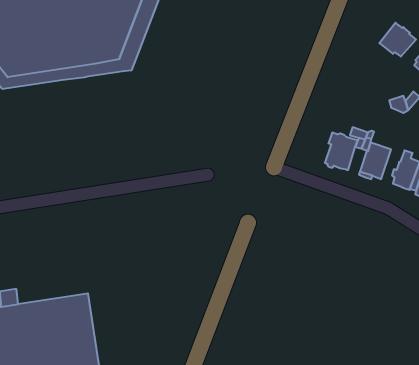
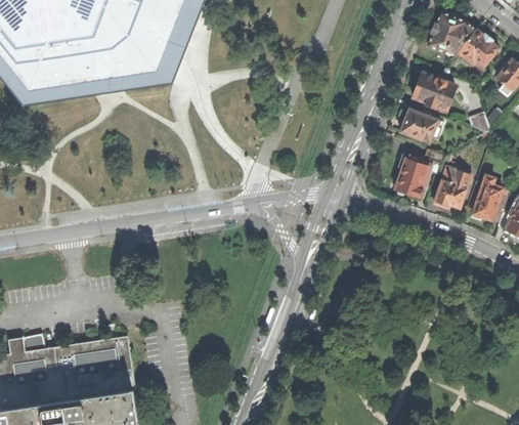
building: none -> [427,10,475,55]
building: none -> [412,72,455,109]
building: none -> [399,108,440,141]

